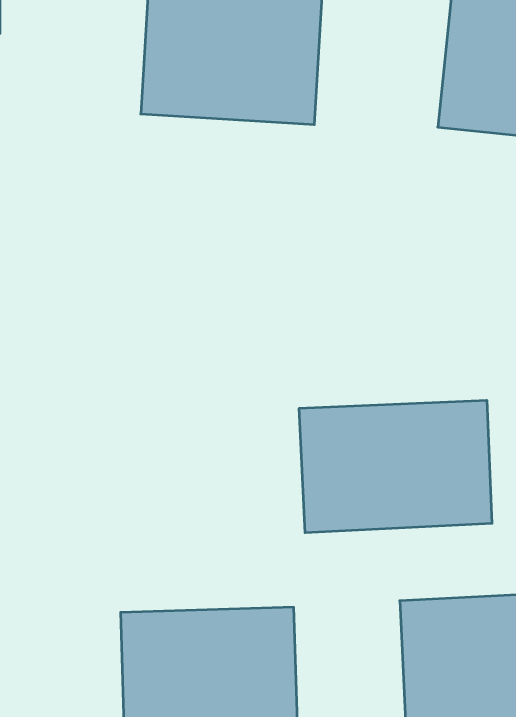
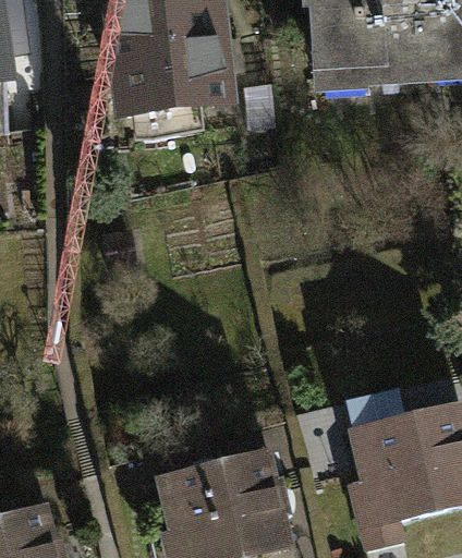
building: [299,400,492,533] -> none

